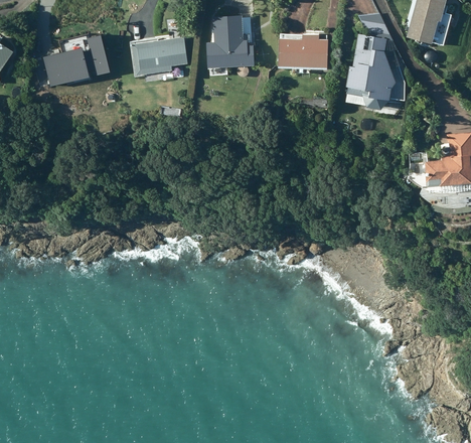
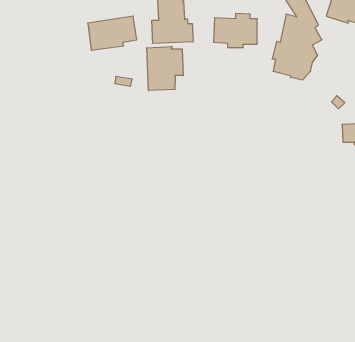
building: [46,32,114,85] -> none
building: none -> [147,46,183,91]

